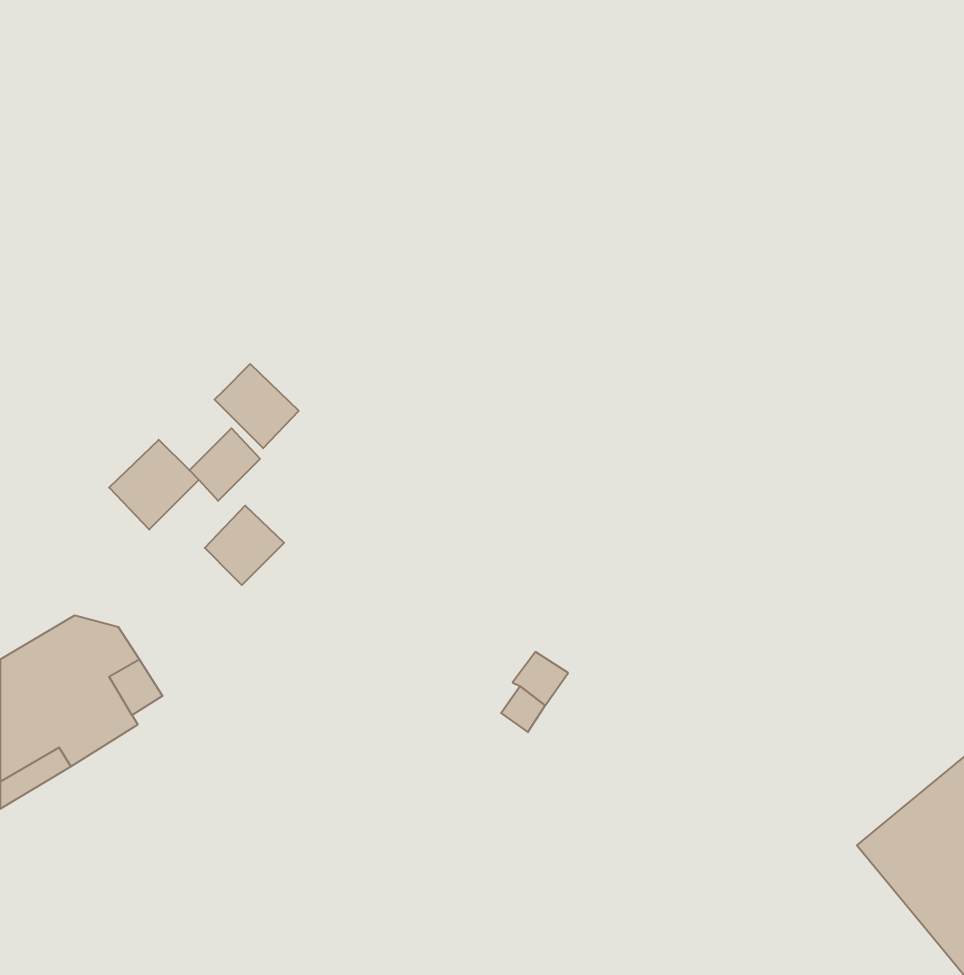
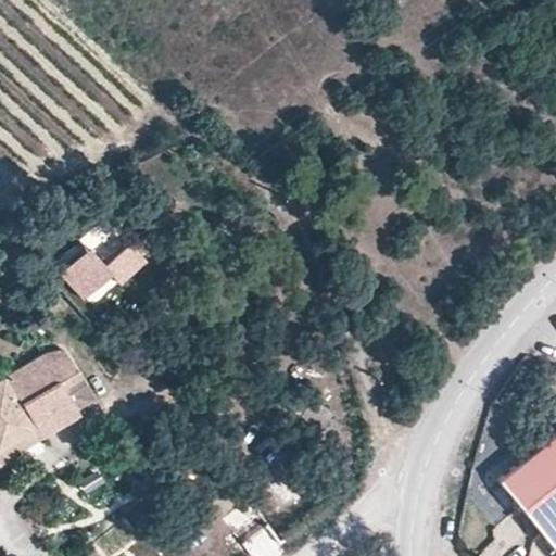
building: [215,364,299,448] -> none
building: [205,506,284,585] -> none

